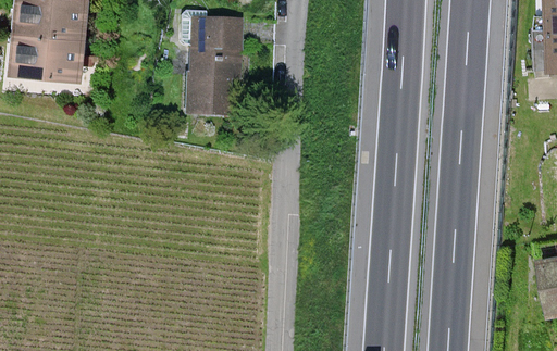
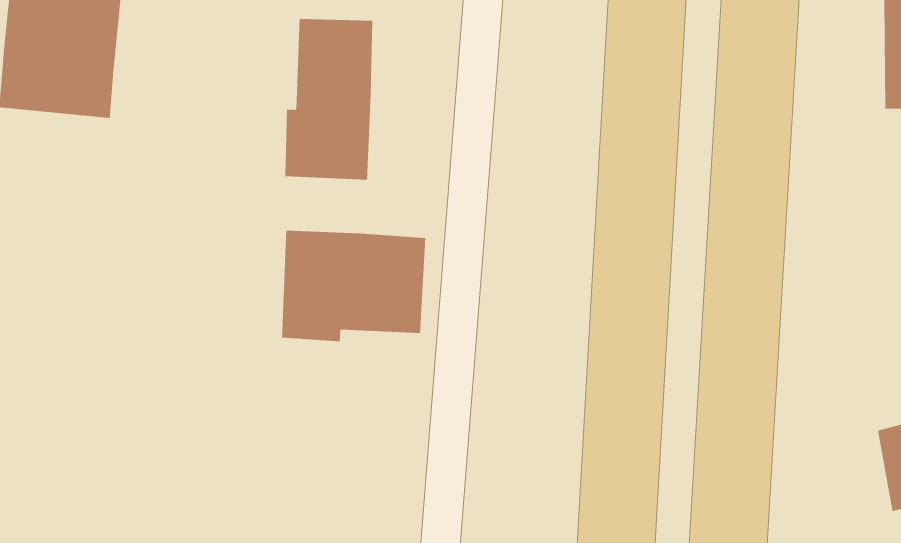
building: none -> [281,230,426,342]

